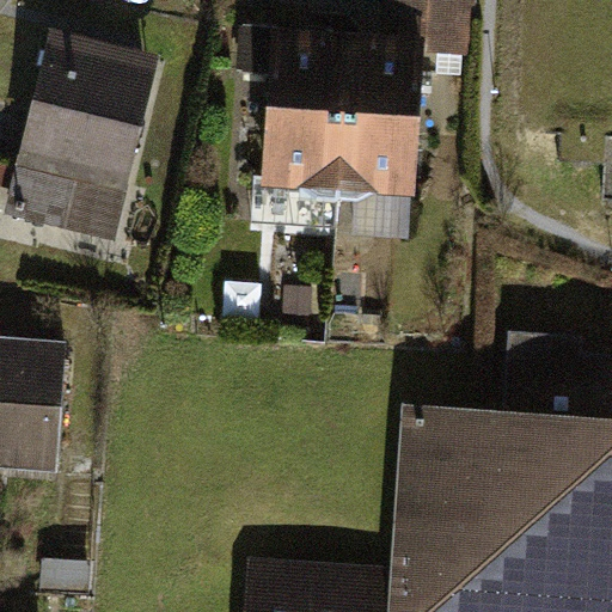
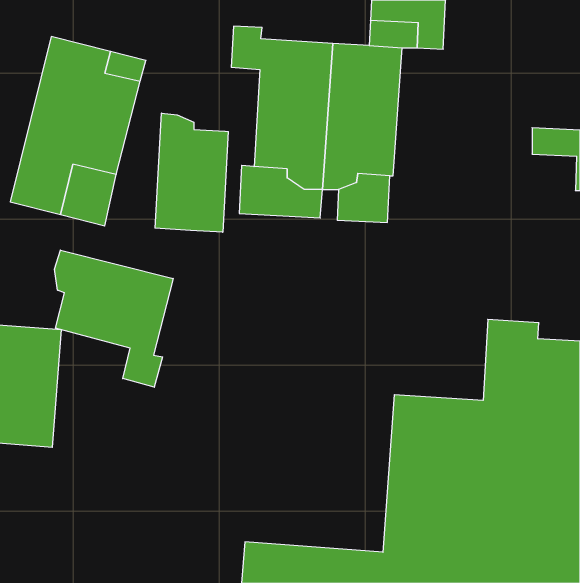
building: none -> [155,113,228,232]
building: none -> [55,250,173,387]

